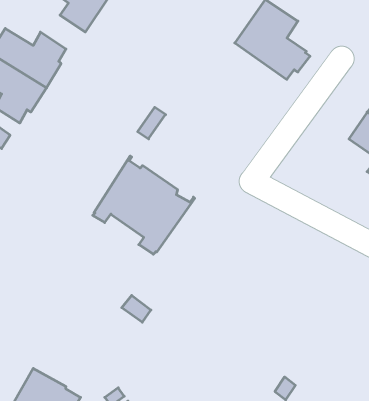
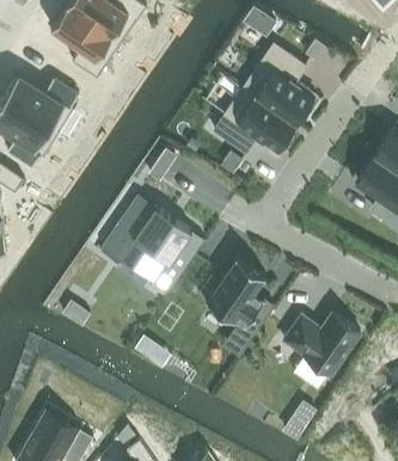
building: none -> [213,87,295,153]
building: none -> [197,257,273,333]
building: none -> [282,313,360,374]

